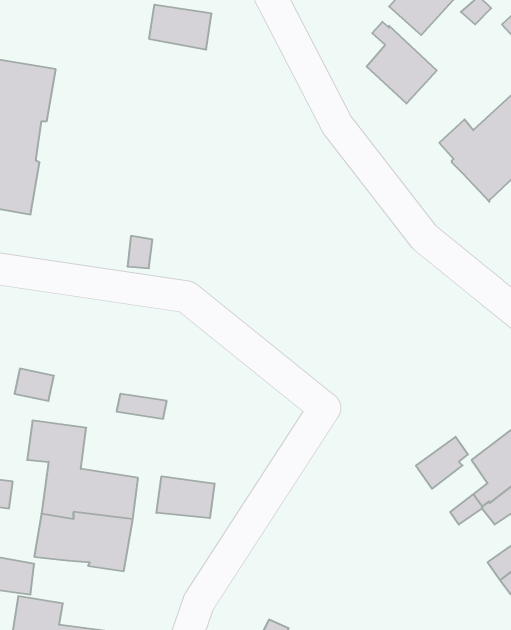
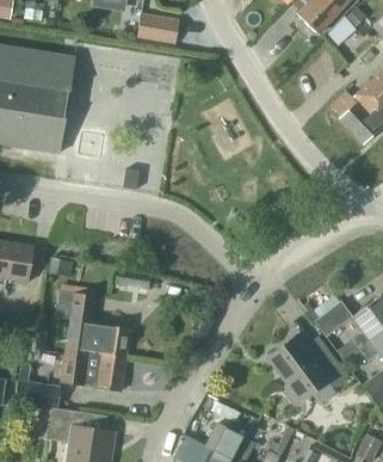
building: [367,22,437,104] -> none
building: [156,476,214,518] -> none
building: none -> [267,334,348,405]

